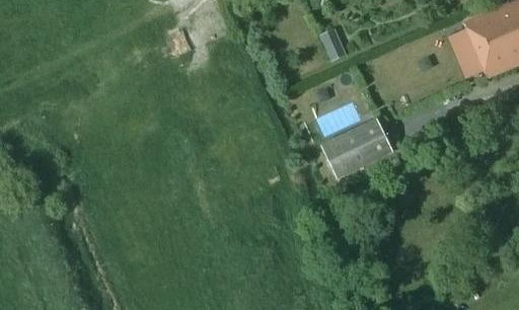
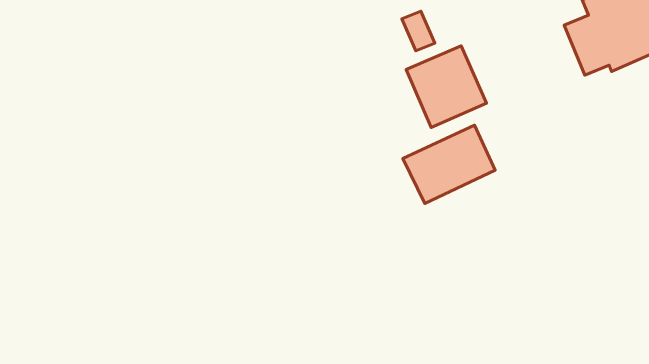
building: none -> [406,46,487,127]

